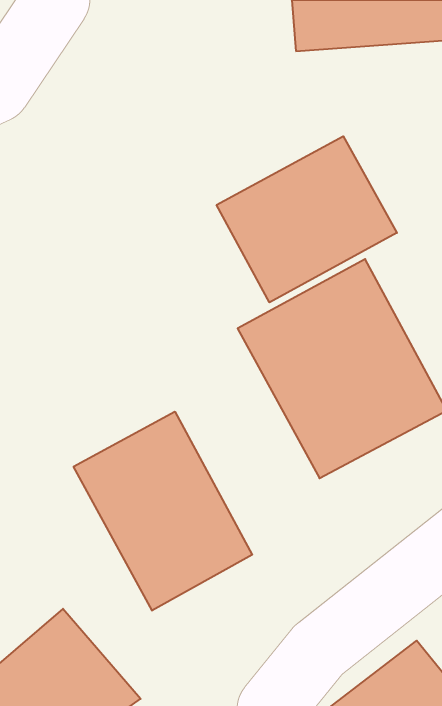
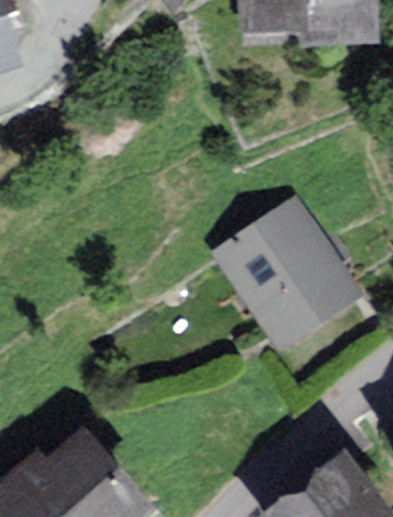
building: [217,136,397,302] -> none
building: [74,412,252,611] -> none

